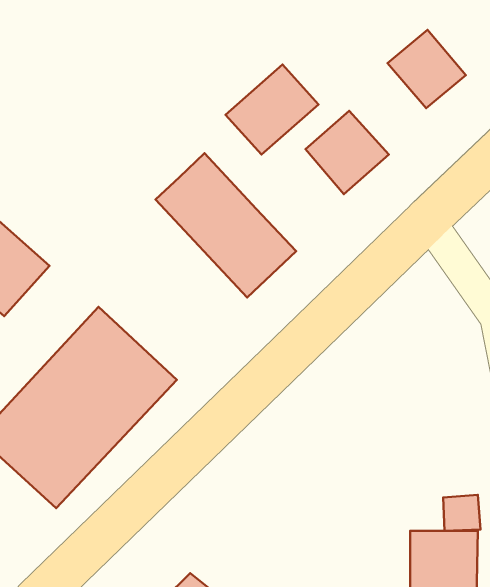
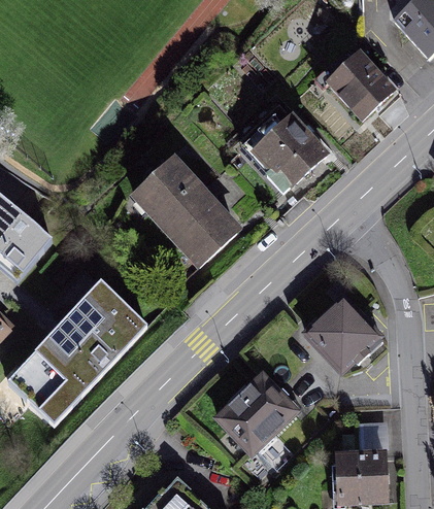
building: [225,65,319,155] -> none
building: none -> [303,307,388,392]
building: none -> [212,384,300,472]

